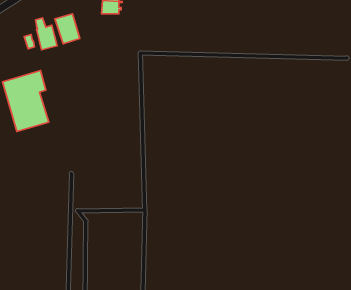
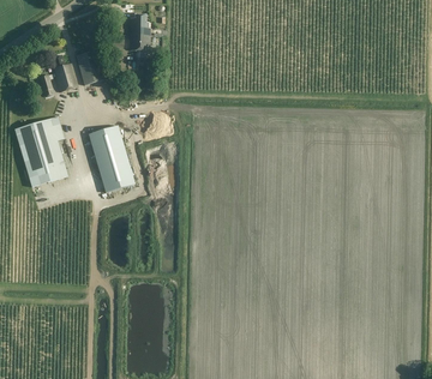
building: none -> [89,126,134,191]

